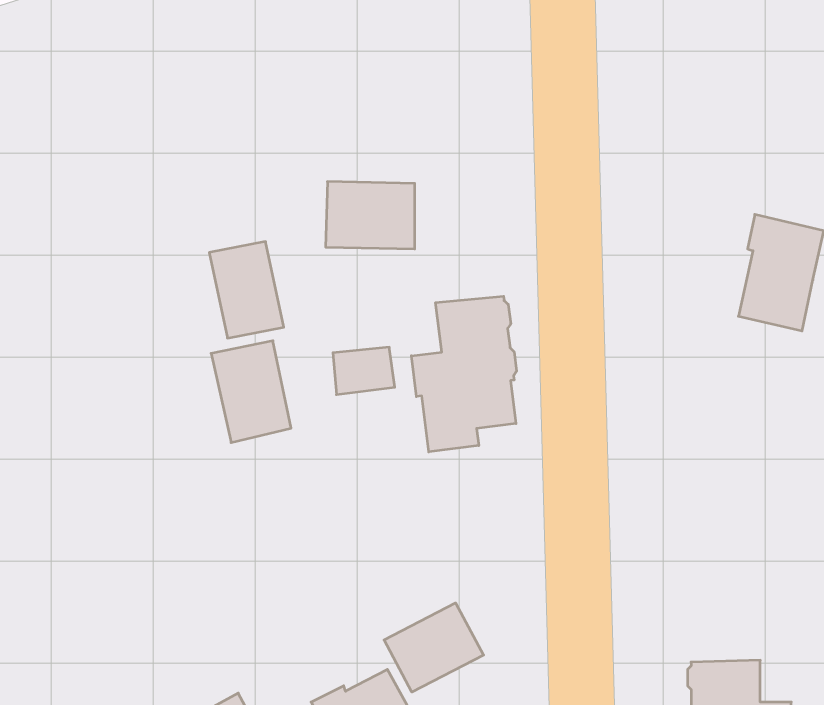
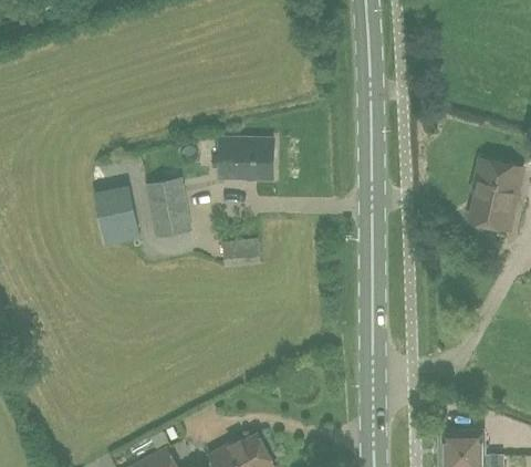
building: [411,296,517,452] -> none
building: [211,341,291,443] -> [92,185,140,247]
building: [384,603,484,692] -> none

